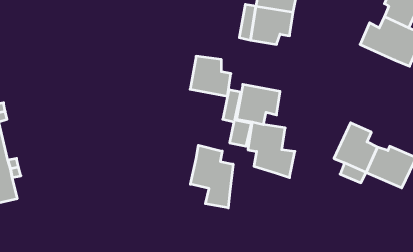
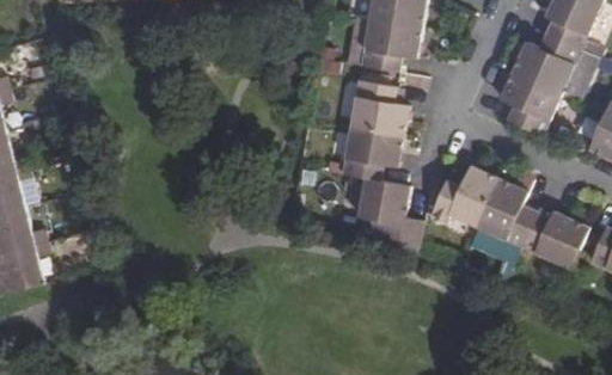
building: none -> [501,69,561,134]
building: [190,56,231,96] -> [351,79,408,134]
building: none -> [430,165,500,226]
building: [190,145,233,208] -> none

